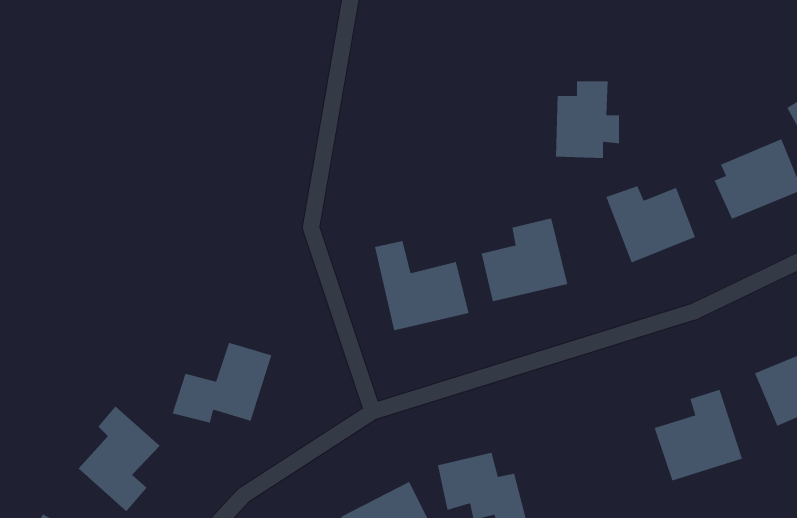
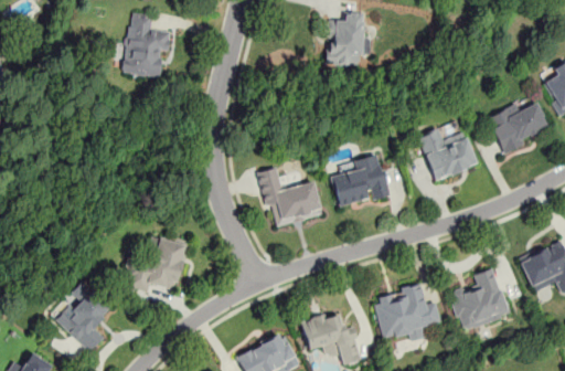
building: none -> [122,12,169,78]
building: [555,81,620,158] -> [327,12,371,65]
building: none -> [373,285,441,341]

